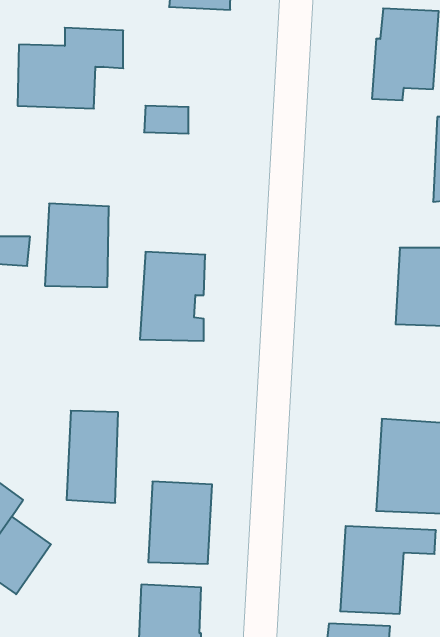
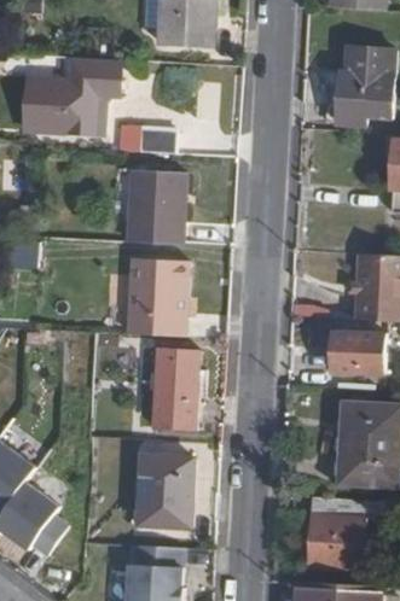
building: [45,204,109,287] -> [131,171,186,244]
building: none -> [332,331,383,372]
building: [67,411,118,503] -> [155,349,199,428]

